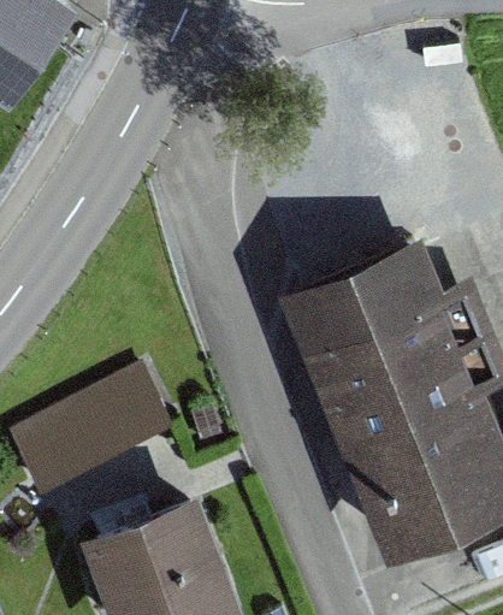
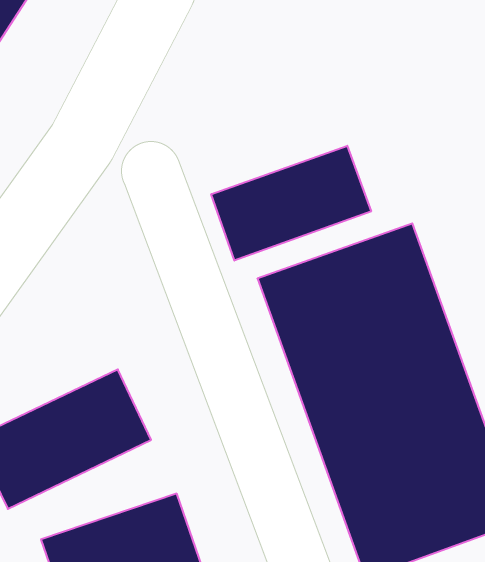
building: none -> [211,146,371,261]

